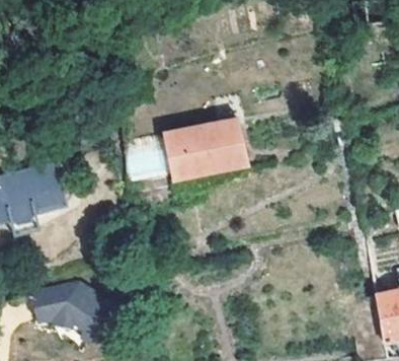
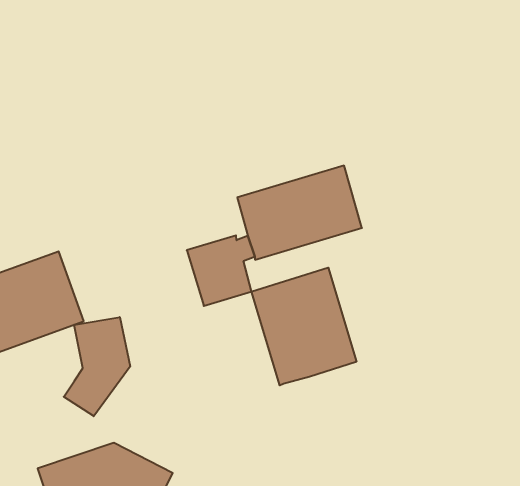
building: none -> [252,268,356,385]
building: none -> [64,317,130,416]

